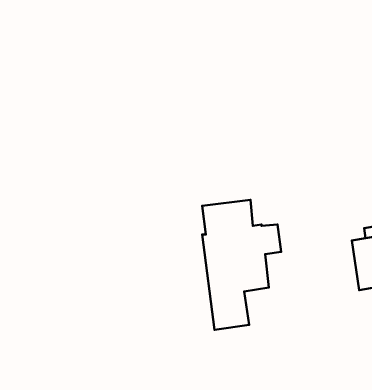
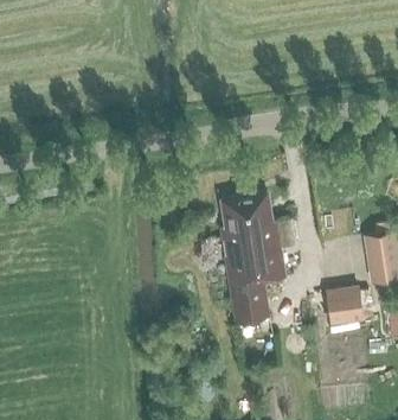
building: none -> [327,291,365,325]

